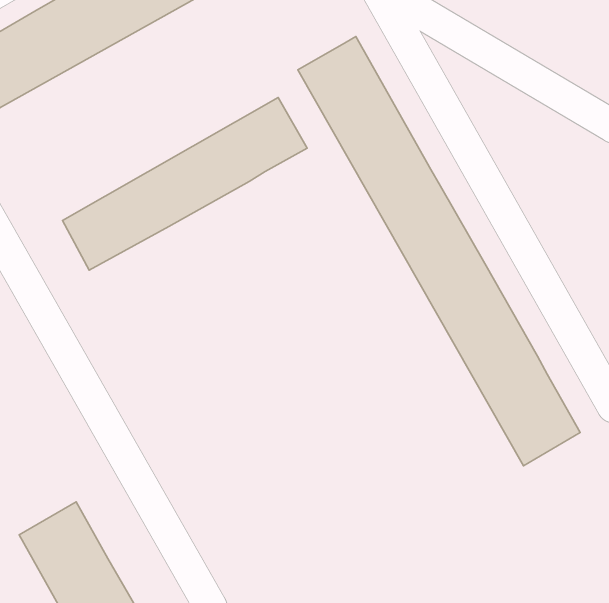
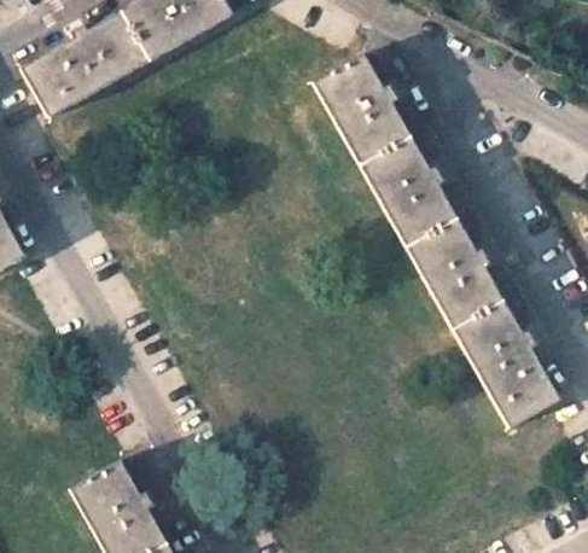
building: [62,98,307,270] -> none

